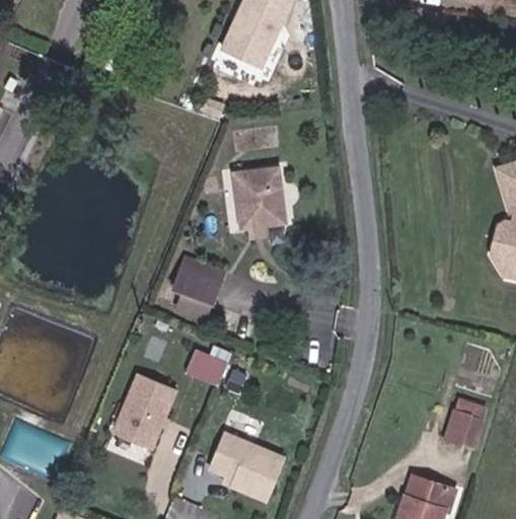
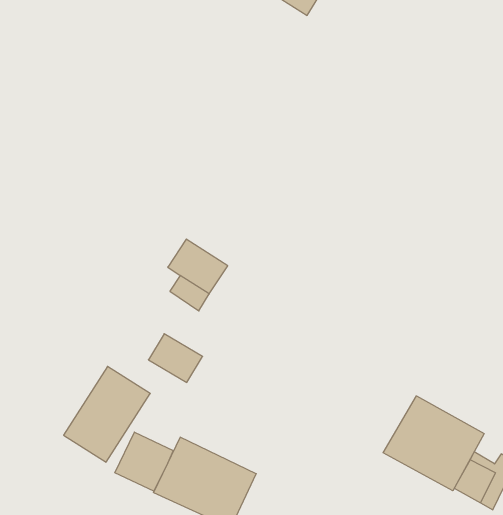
building: [239,169,289,226] -> none
building: none -> [383,396,484,491]
building: none -> [115,432,173,491]

